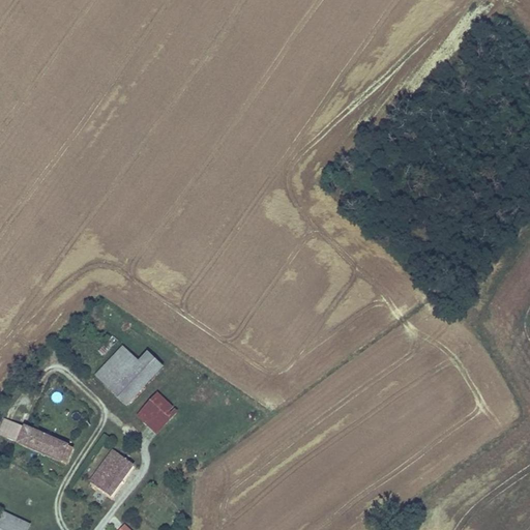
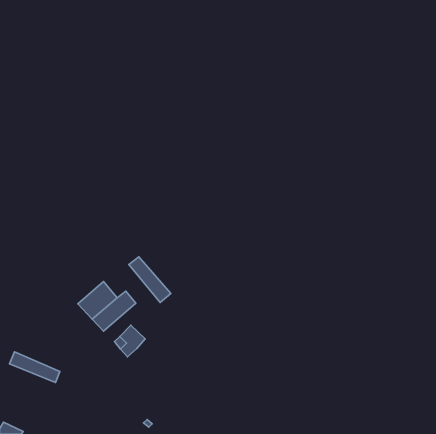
building: none -> [129,257,171,302]
building: [91,449,130,491] -> none

